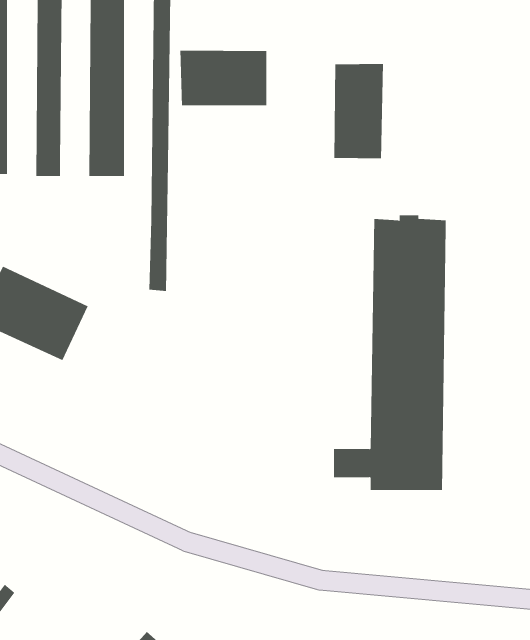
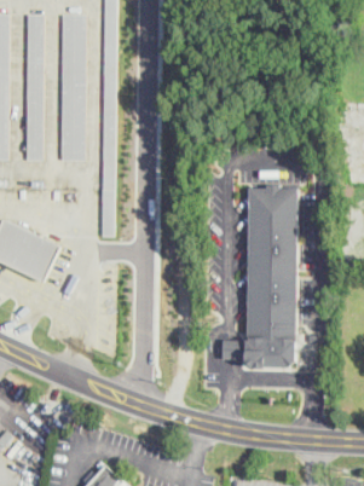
building: [180,50,267,106] -> none
building: [334,63,383,159] -> none

